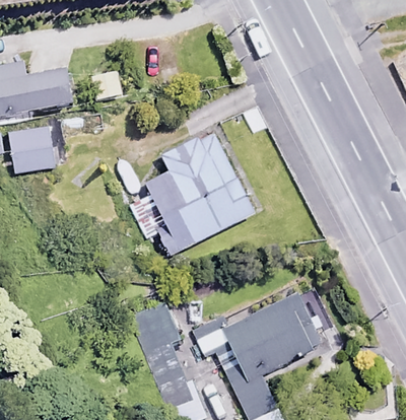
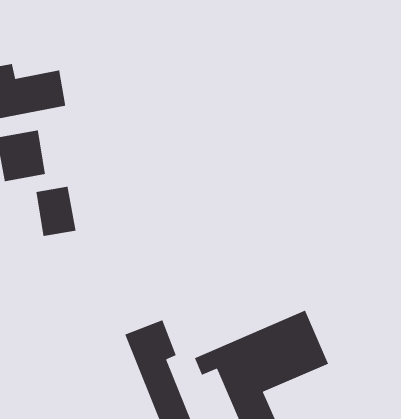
building: [123,134,255,254] -> none
building: none -> [35,186,76,237]

